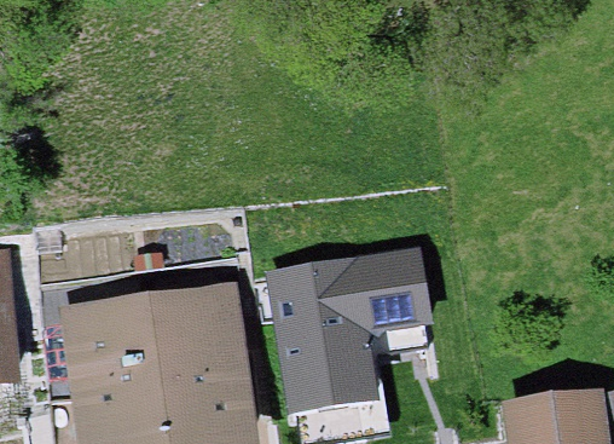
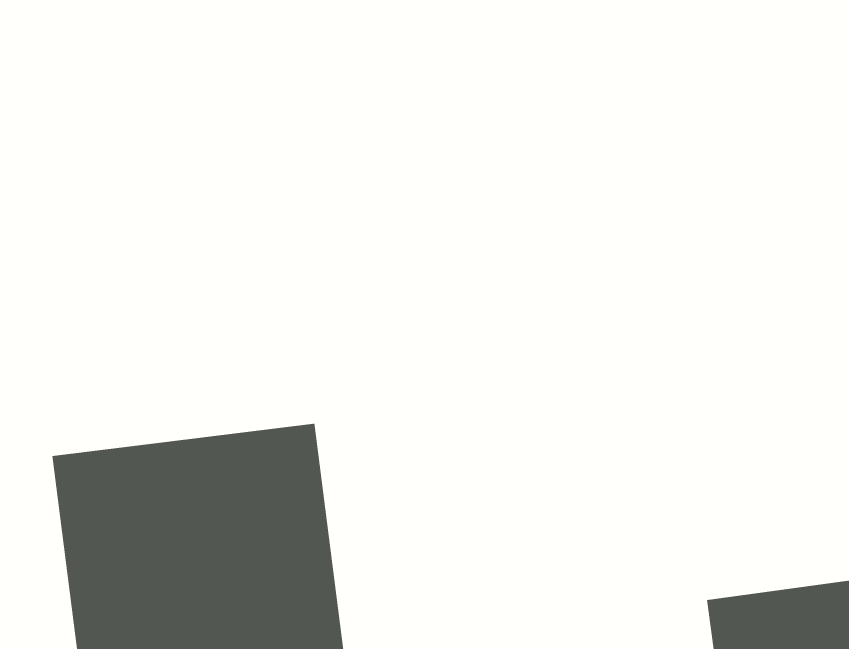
building: [268,258,433,425] -> none

